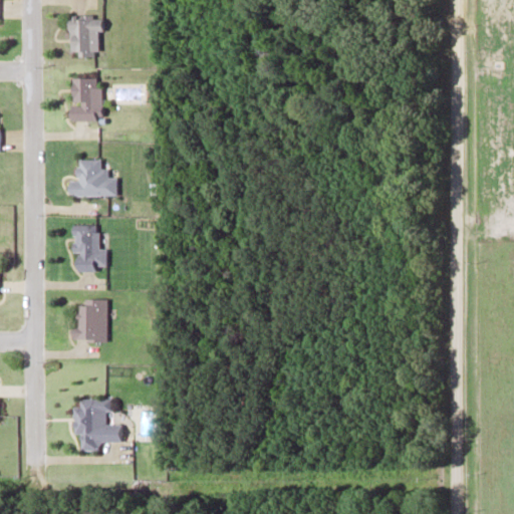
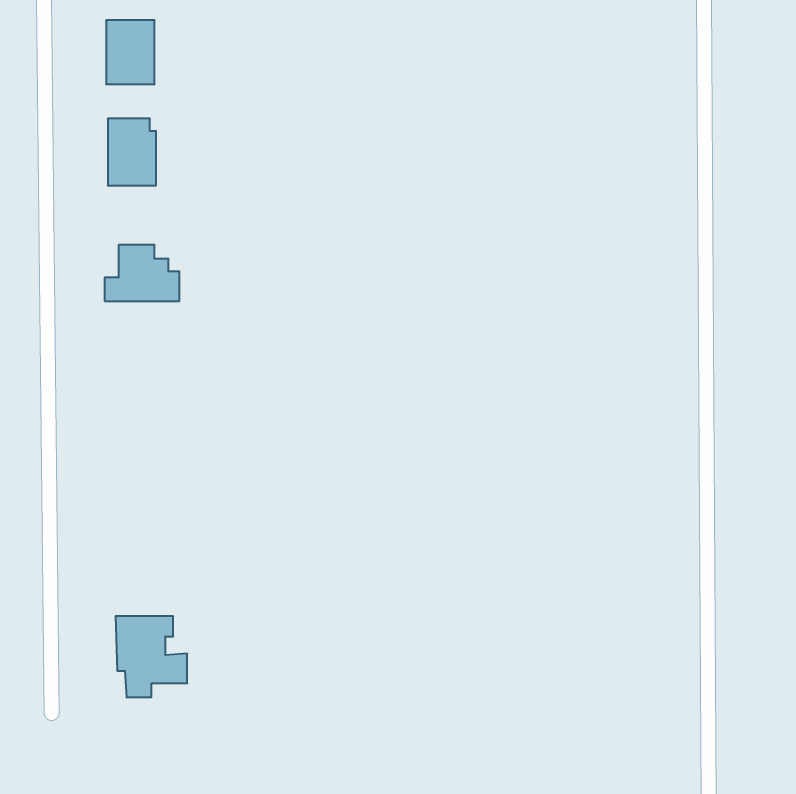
building: [73,226,106,271] -> none
building: [75,299,107,341] -> none

